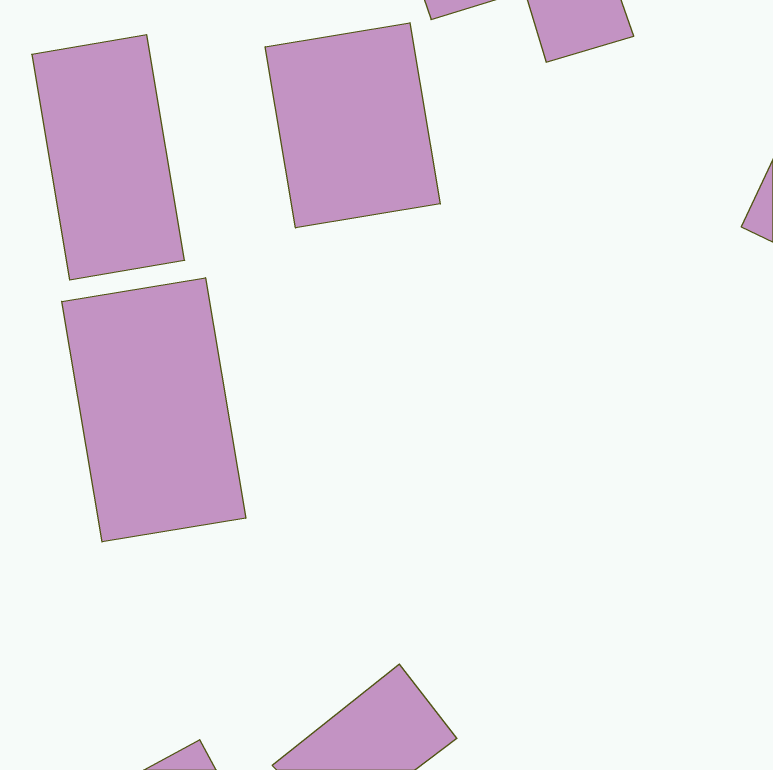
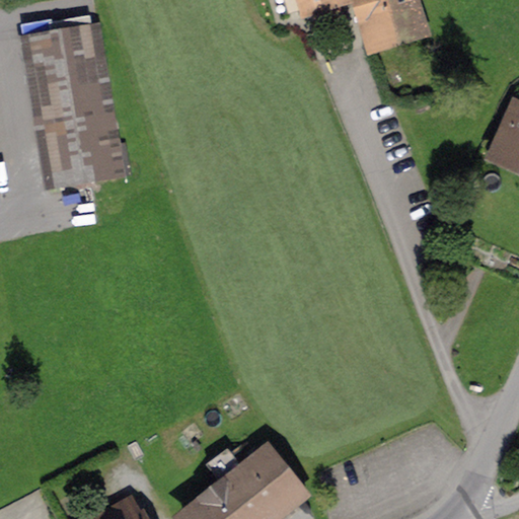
building: [265,23,440,228] -> none
building: [62,278,246,542] -> none

